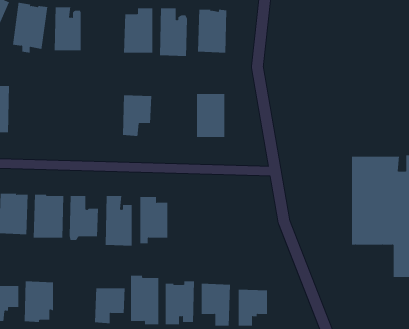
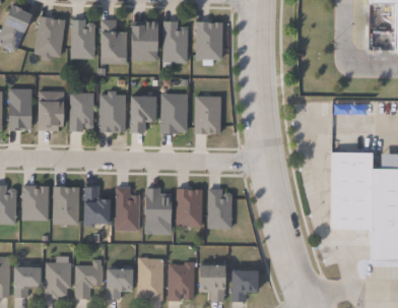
building: none -> [101,20,127,58]
building: none -> [38,91,63,131]
building: none -> [100,91,126,133]
building: none -> [69,94,93,132]
building: none -> [160,95,187,134]
building: none -> [176,188,202,227]
building: none -> [207,188,231,228]
building: none -> [75,259,102,298]

